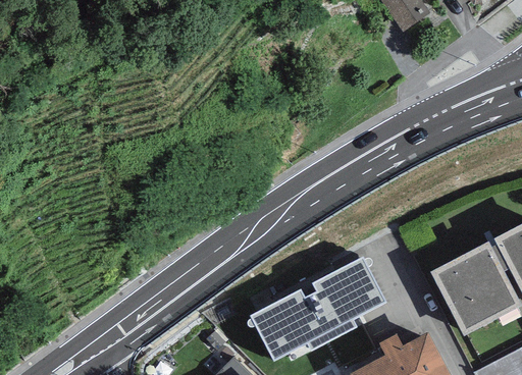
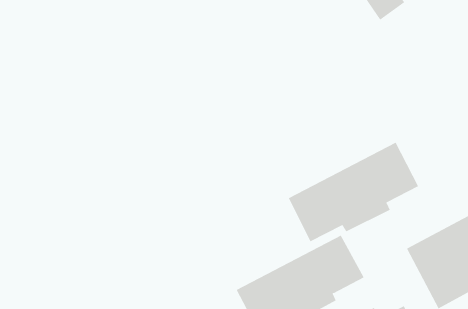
building: none -> [288,142,419,242]

